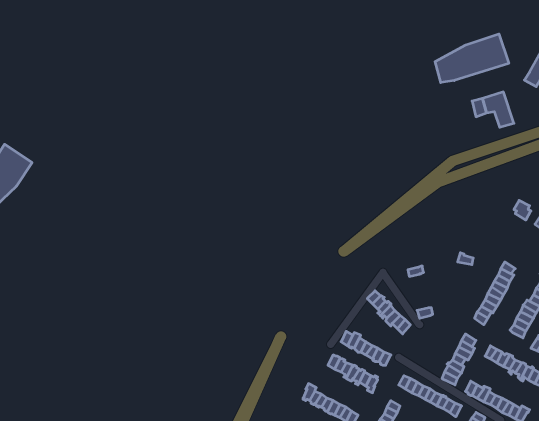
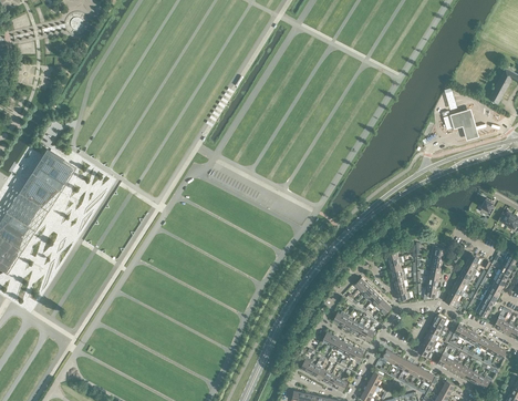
building: [435,34,509,83] -> none

